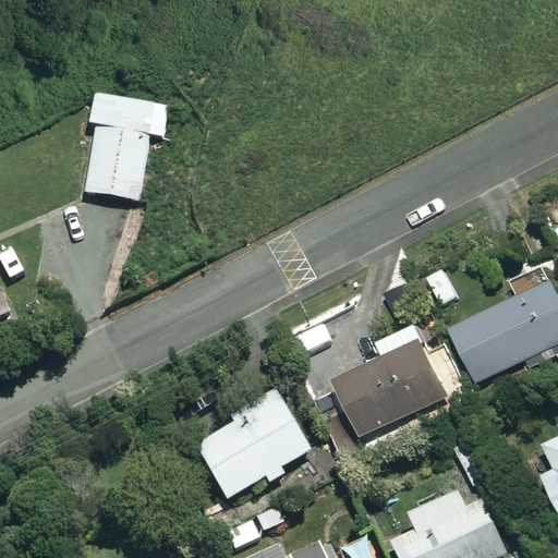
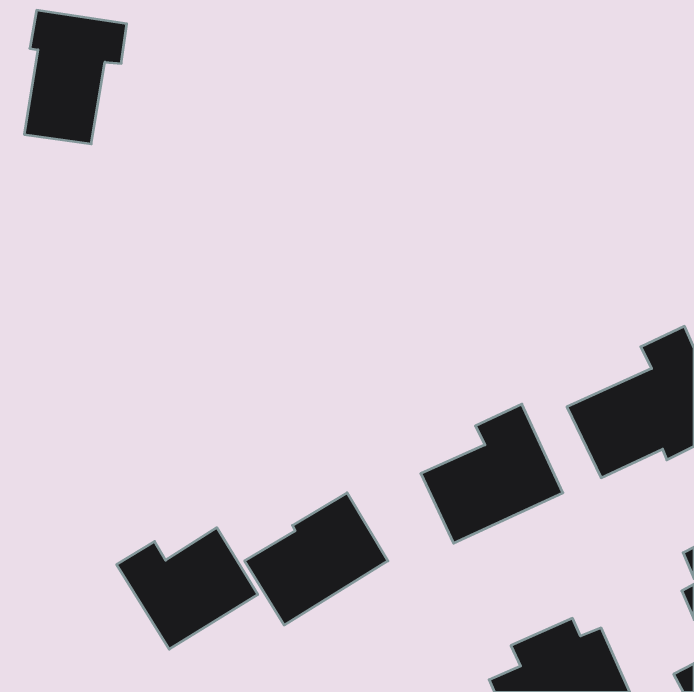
building: [84,93,166,199] -> [24,10,127,144]
building: none -> [117,528,258,649]

